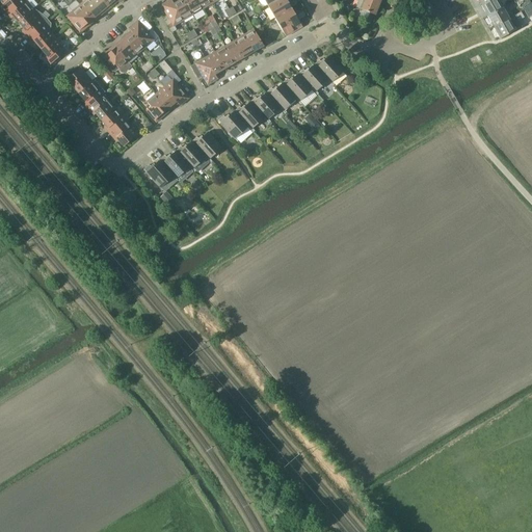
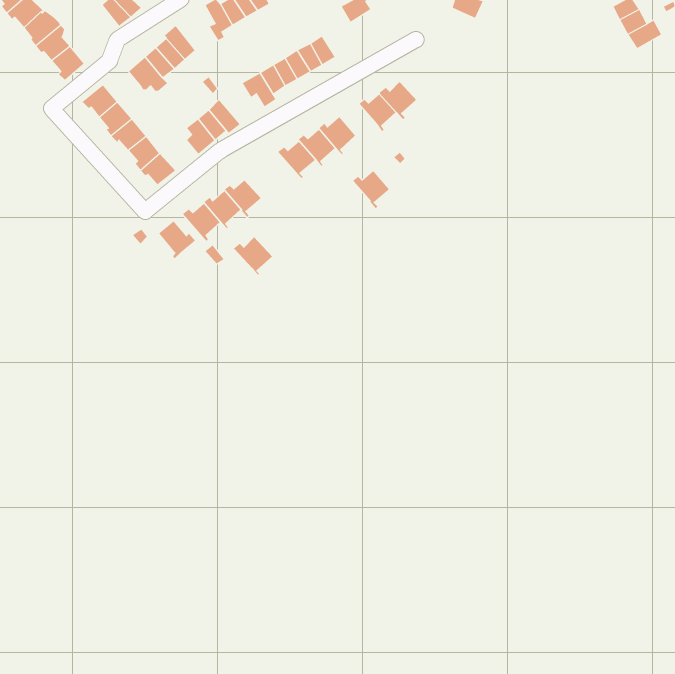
building: [68,4,94,32] -> none
building: [275,7,302,35] -> none
building: [314,54,344,85] -> none
building: [266,82,296,113] -> [352,169,390,209]
building: [191,131,222,162] -> [233,237,273,276]
building: none -> [158,220,196,259]

